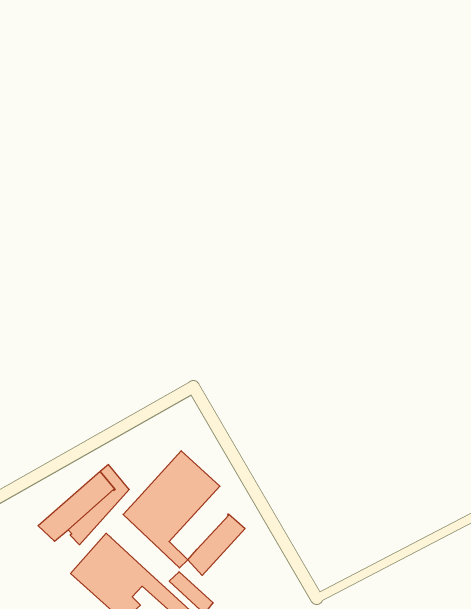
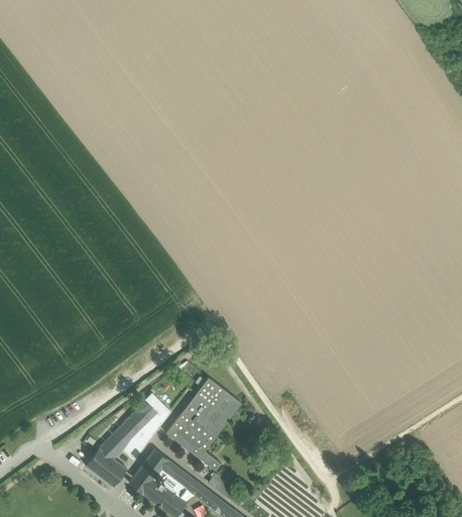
building: [188,514,245,575] -> none
building: none -> [86,447,127,486]

